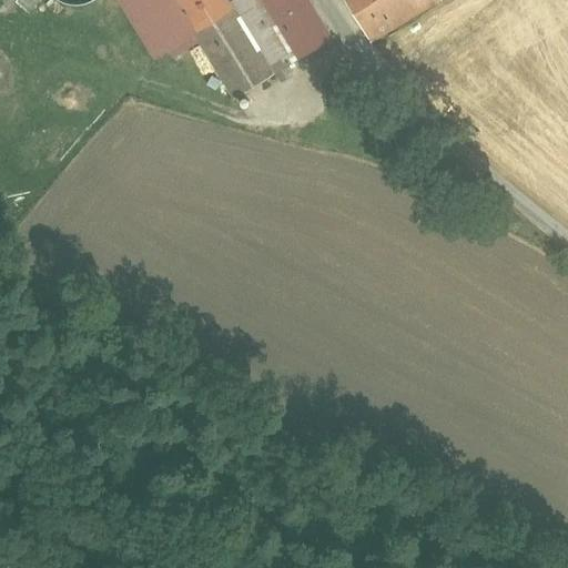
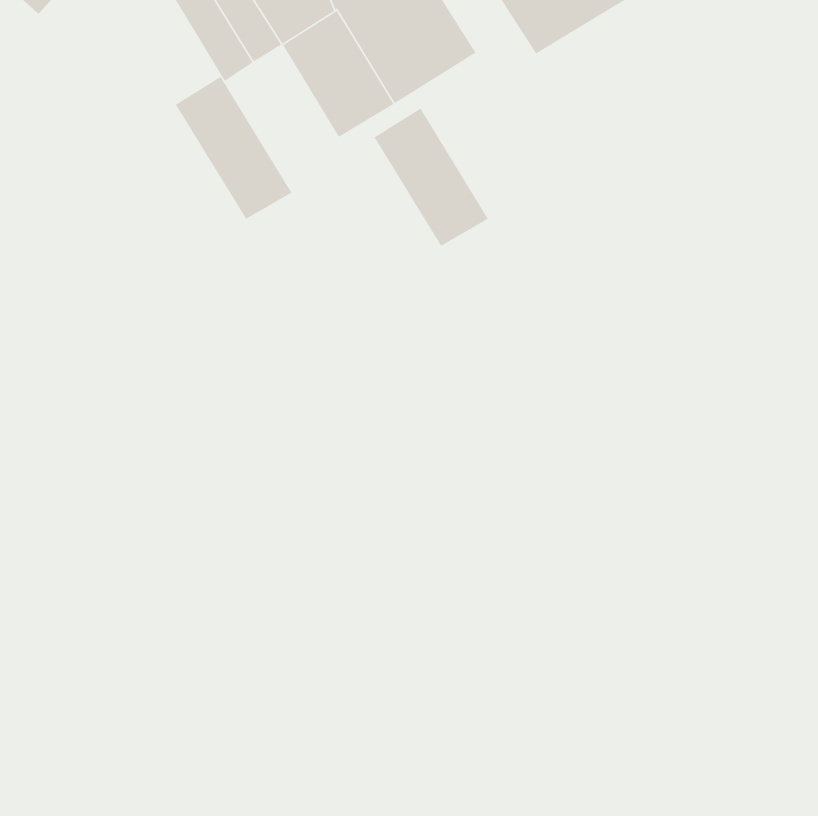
building: none -> [175,76,293,220]
building: none -> [373,108,489,247]

